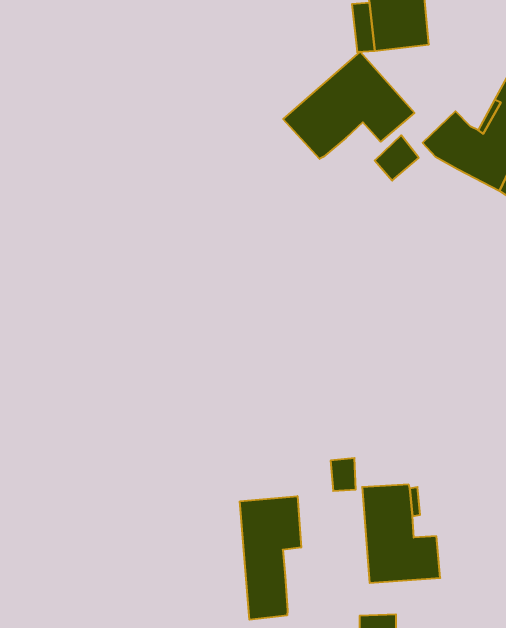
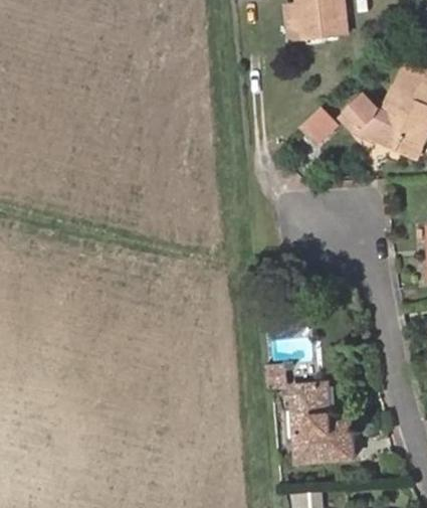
building: [283,52,414,159] -> none
building: [240,496,301,620] -> none

